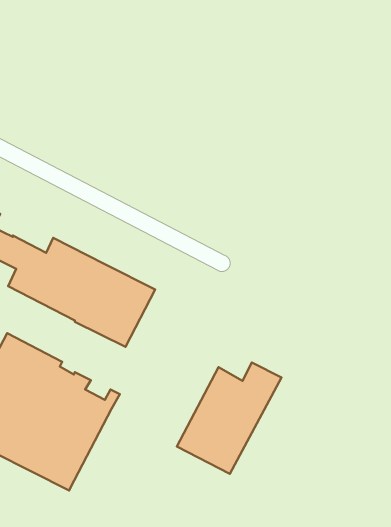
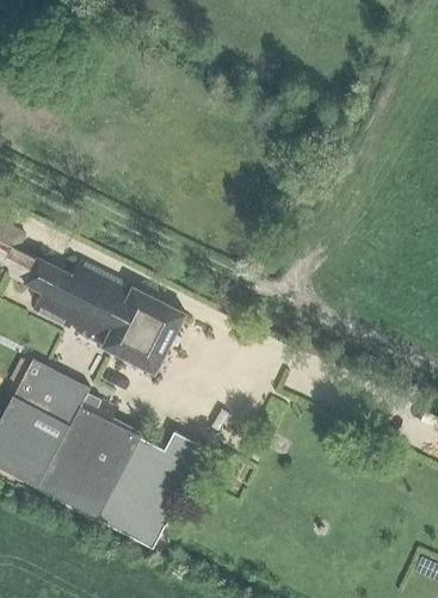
building: [177,363,282,474] -> [95,432,204,548]

